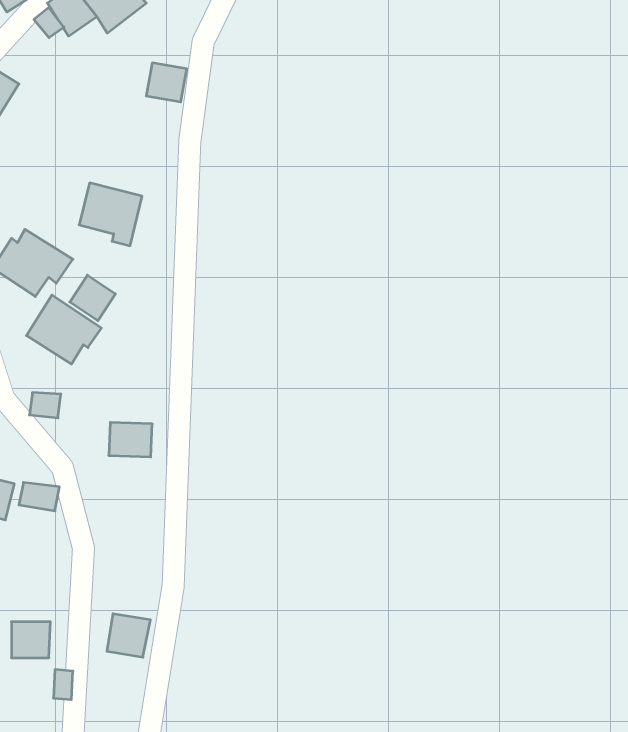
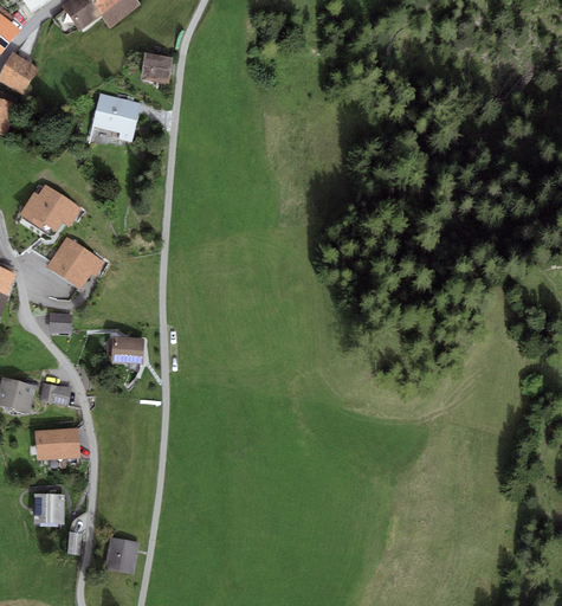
building: [79,183,142,246] -> [91,91,141,141]
building: [70,275,115,321] -> none
building: none -> [34,428,78,459]
building: [107,614,150,657] -> [105,537,140,572]

